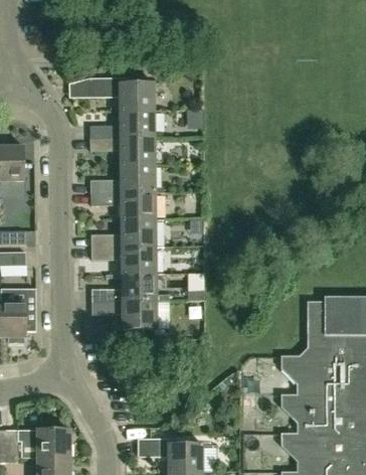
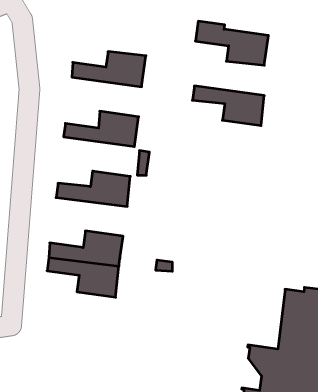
building: [89,78,154,111] -> [195,21,268,65]
building: [90,138,155,165] -> [192,86,264,126]
building: [90,192,155,219] -> none
building: [92,247,156,274] -> none

